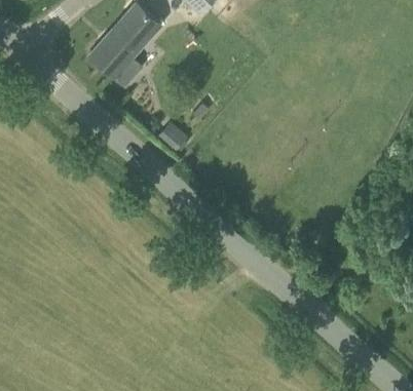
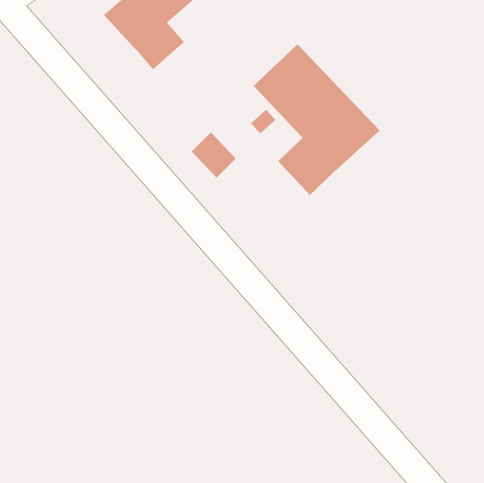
building: none -> [253,44,381,196]

